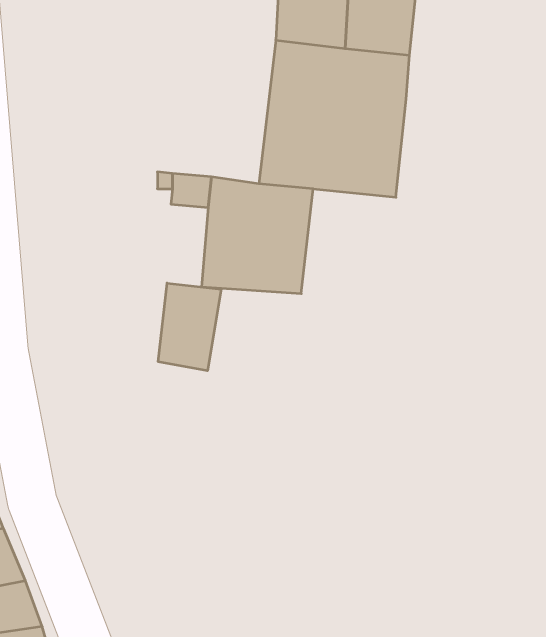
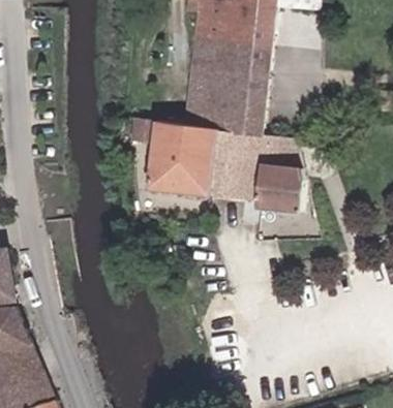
building: none -> [207,131,301,212]
building: [158,283,221,371] -> none

